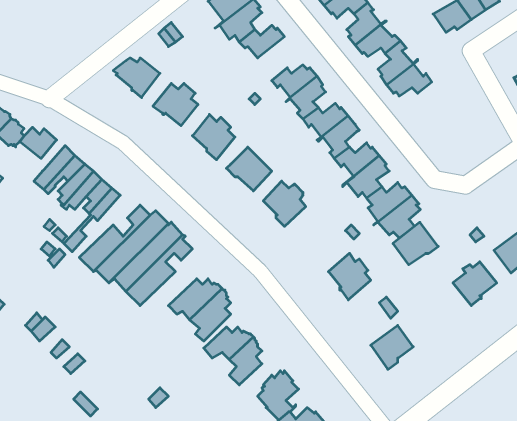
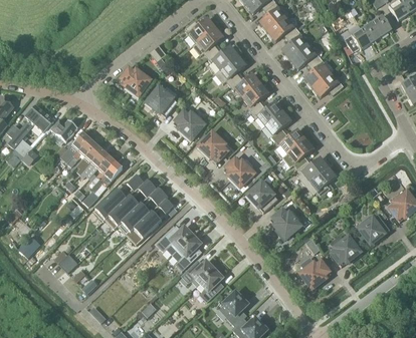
building: none -> [212,54,246,85]
building: none -> [246,182,278,213]
building: [393,222,438,265] -> [330,236,362,266]

